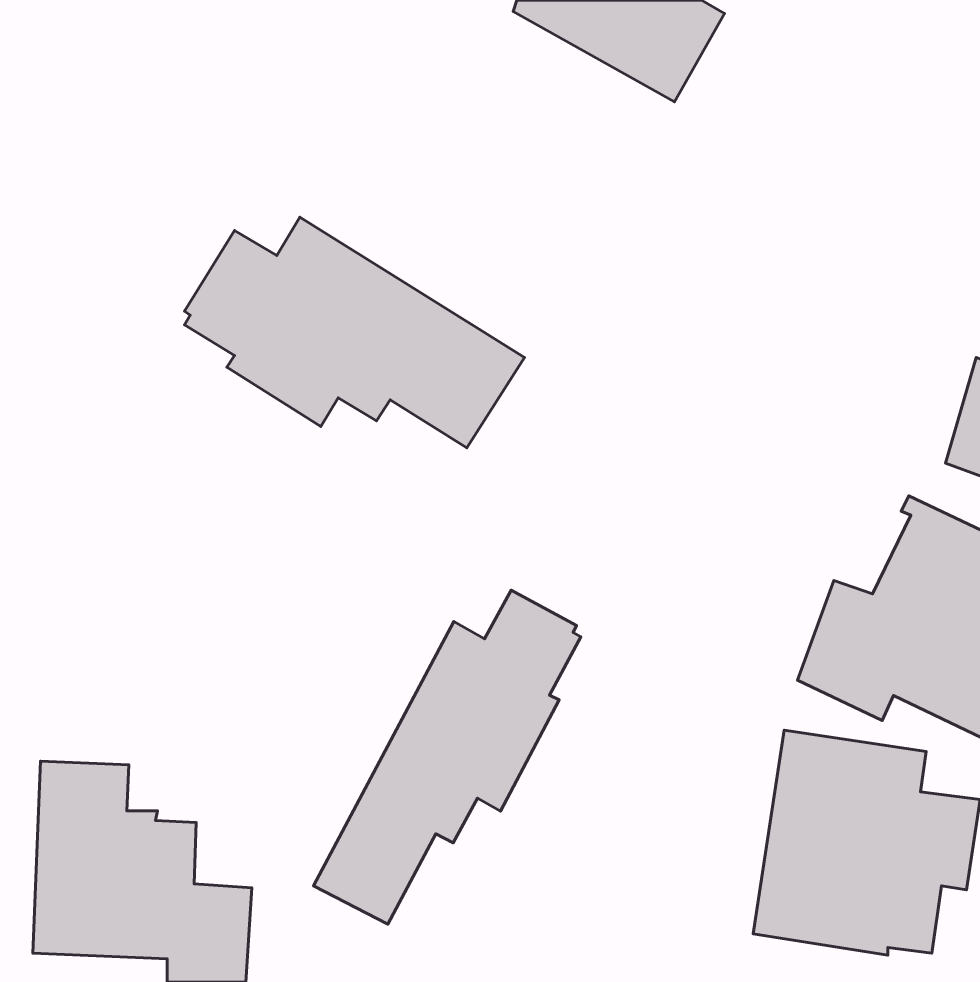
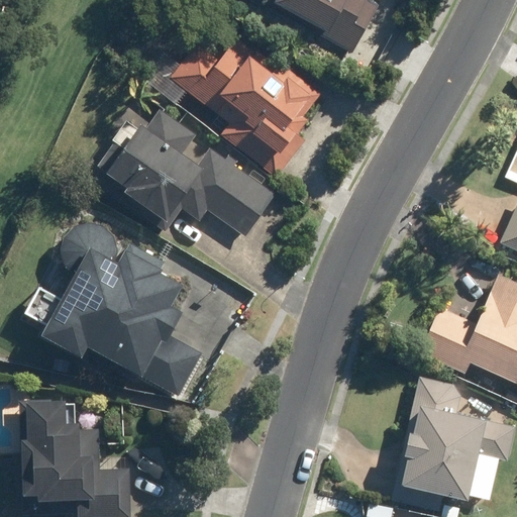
building: none -> [170,33,321,179]
building: none -> [24,223,205,397]
building: [313,590,581,924] -> none

